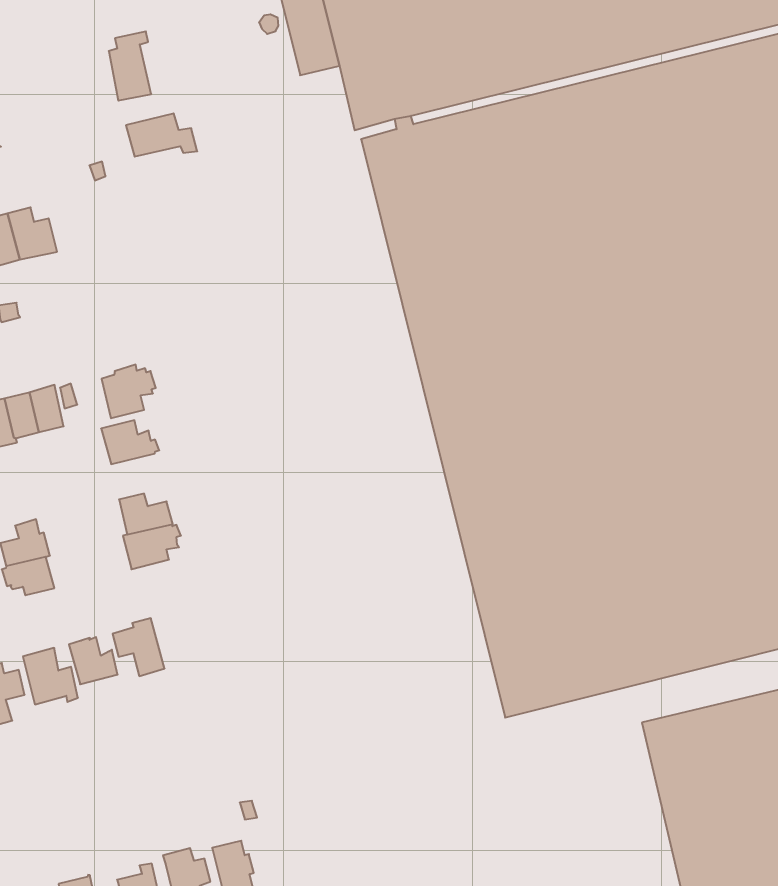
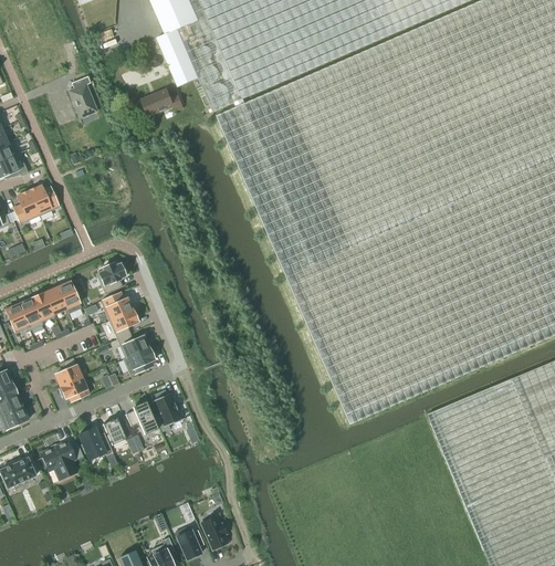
building: [126,113,197,157] -> [142,88,184,116]
building: none -> [109,310,138,338]
building: none -> [153,392,181,430]

